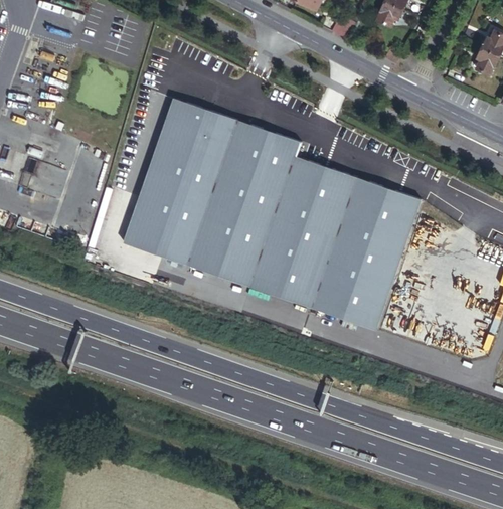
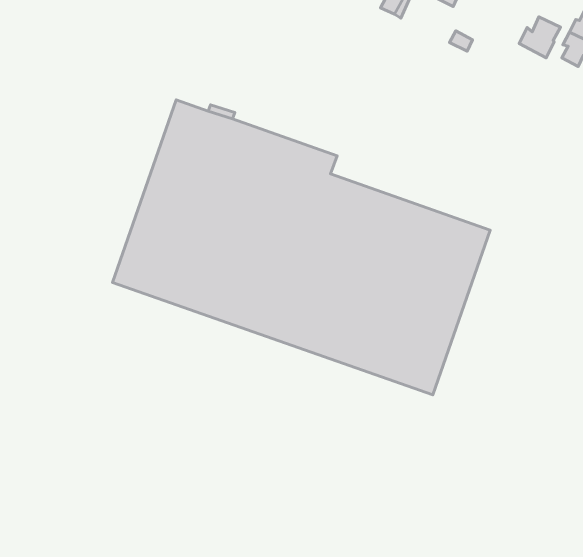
building: none -> [519,17,561,58]

